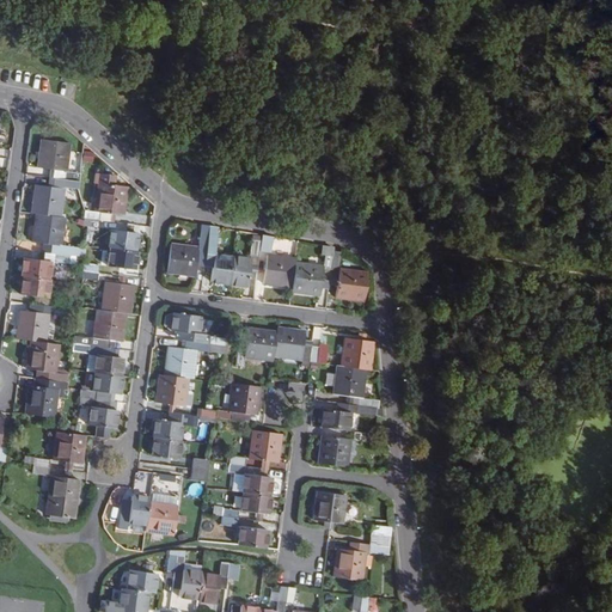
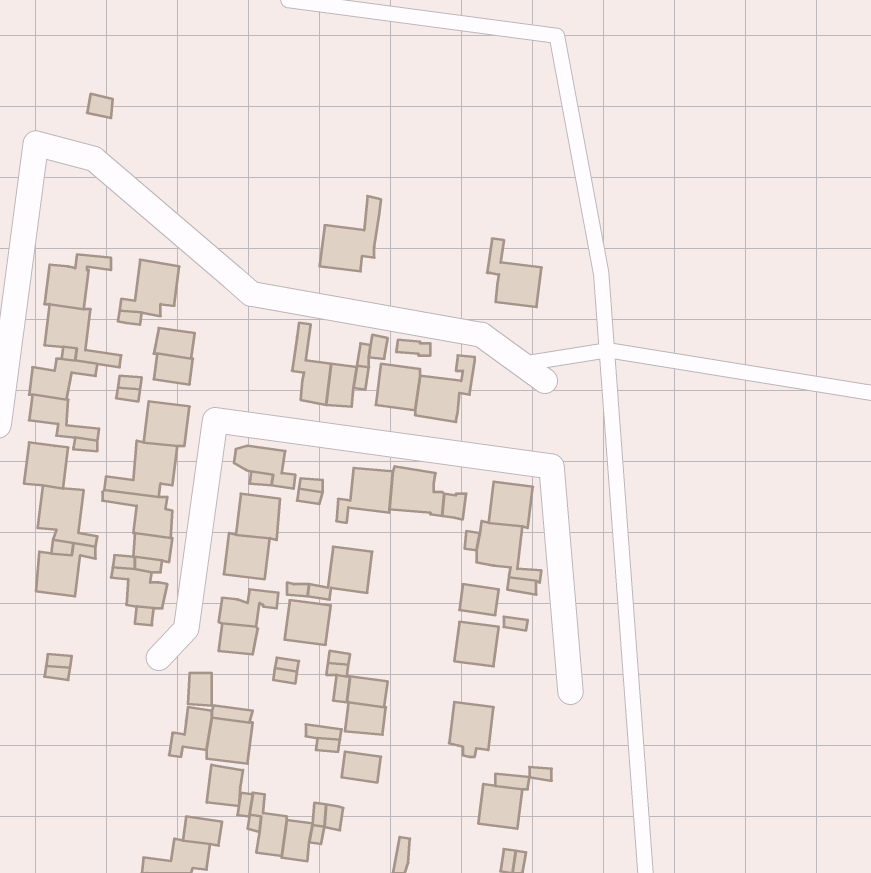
building: [37,140,79,180] -> none
building: [166,224,209,276] -> [320,196,381,271]
building: [329,252,367,300] -> [487,239,542,307]
building: [249,430,281,461] -> [285,600,331,645]
building: [53,432,84,463] -> none
building: [45,476,79,519] -> none
building: none -> [207,765,243,806]

